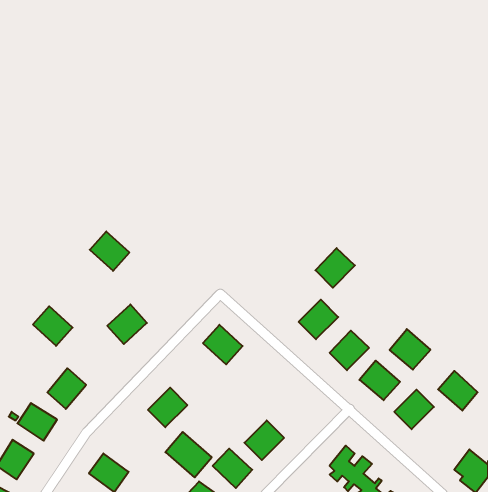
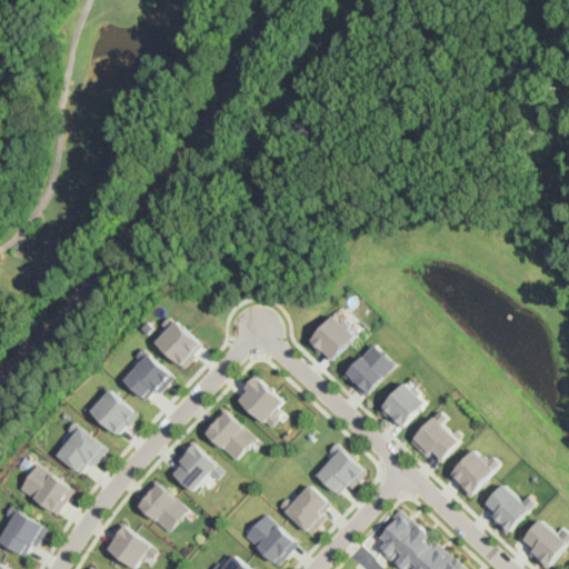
building: [90,231,129,271] -> [152,319,198,365]
building: [315,248,355,288] -> [308,316,353,361]
building: [33,306,73,346] -> [90,390,136,436]
building: [390,329,430,370] -> none
building: none -> [204,410,251,456]
building: [438,371,478,411] -> [488,483,533,529]
building: none -> [315,446,360,491]
building: [165,432,212,477] -> [132,480,186,532]

